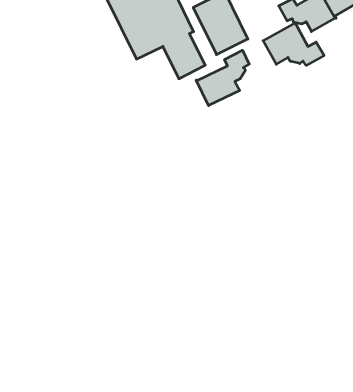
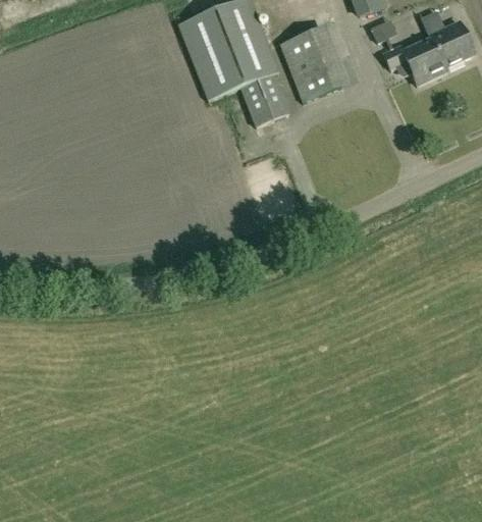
building: [263,23,324,65] -> none
building: [196,50,249,106] -> none

